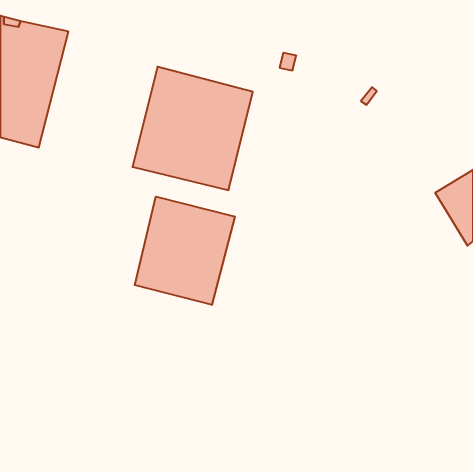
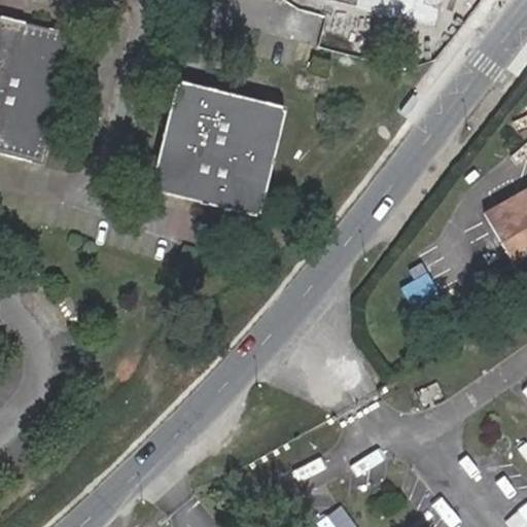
building: [135,197,235,305] -> none

